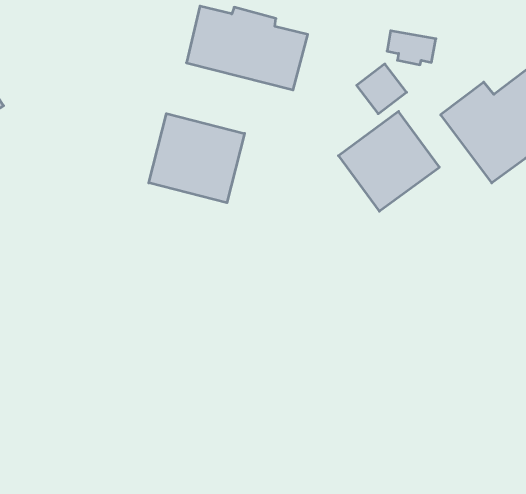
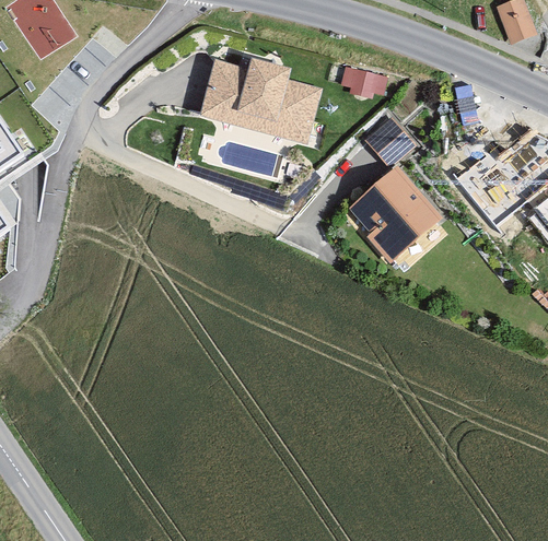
building: [387,31,436,65] -> [340,66,387,98]
building: [149,114,245,203] -> none

